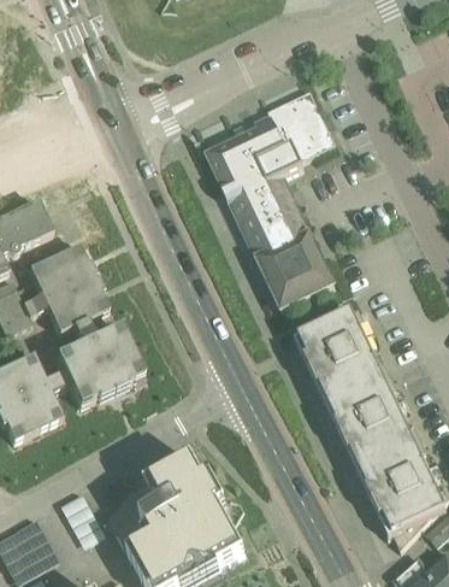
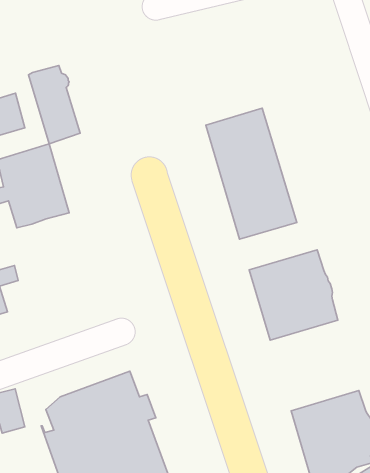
building: [207,90,336,202] -> none
building: none -> [29,65,80,144]
building: [55,319,143,406] -> none
building: [326,375,421,471] -> none

